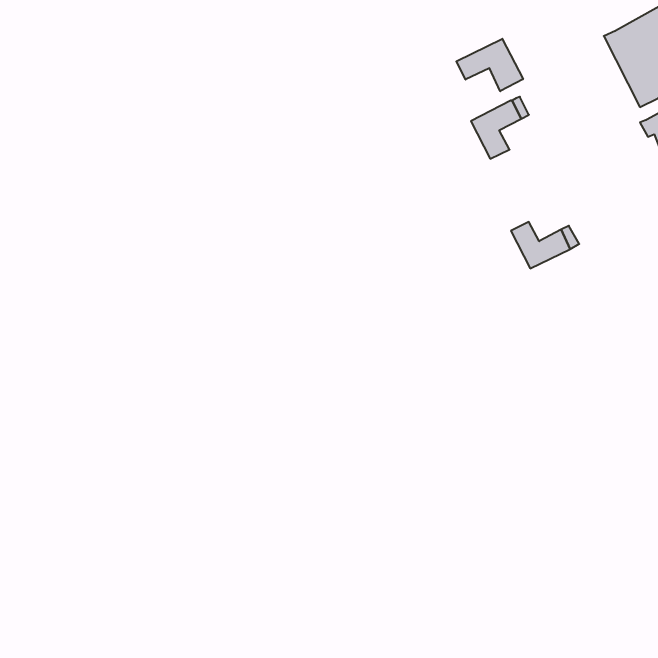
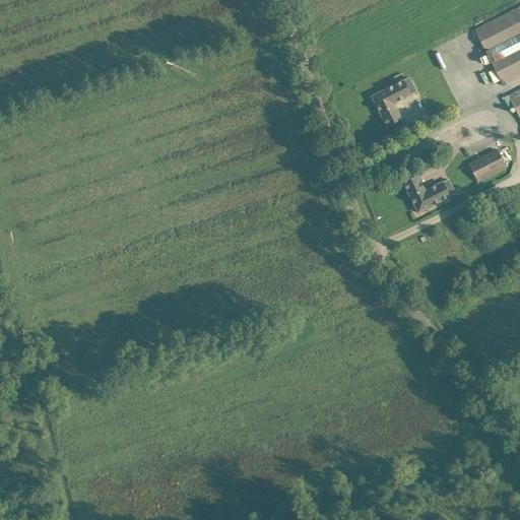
building: [456,39,523,91] -> none
building: none -> [470,148,508,181]

